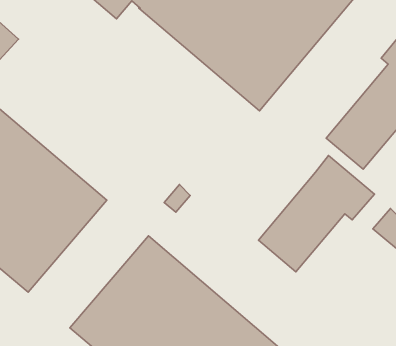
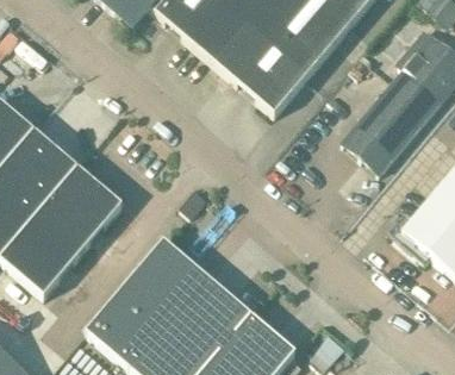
building: [259,155,375,272] -> none

